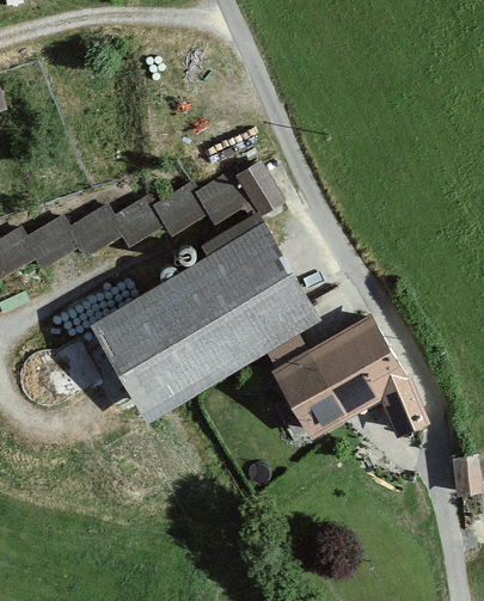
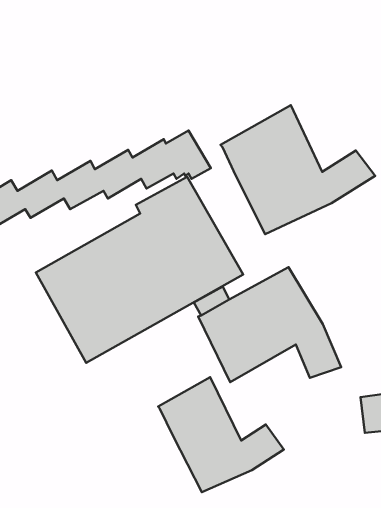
building: none -> [221,105,375,234]
building: none -> [158,377,284,492]

